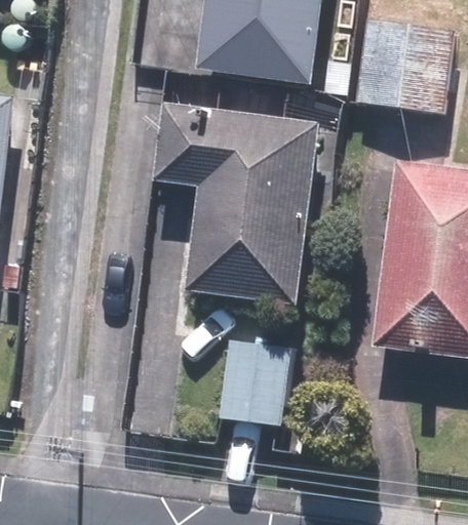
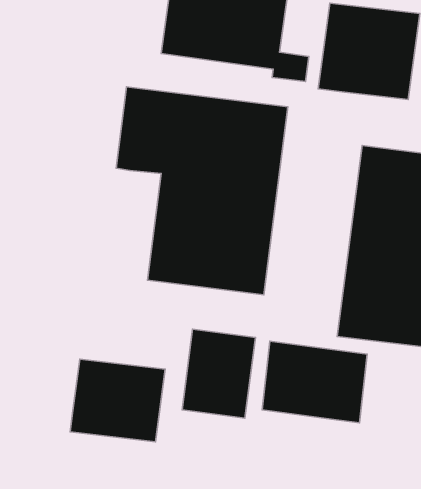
building: none -> [262,341,367,423]
building: none -> [70,359,165,442]

